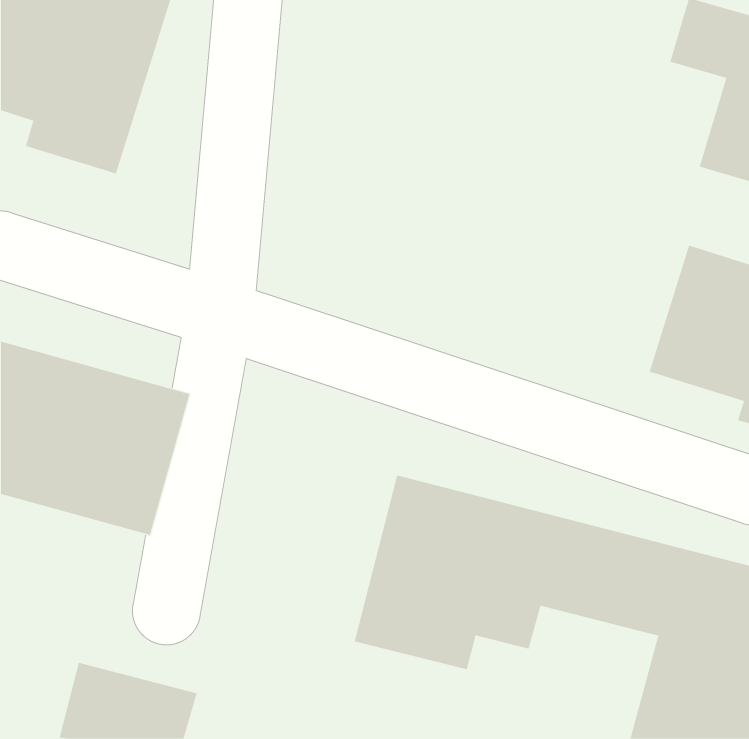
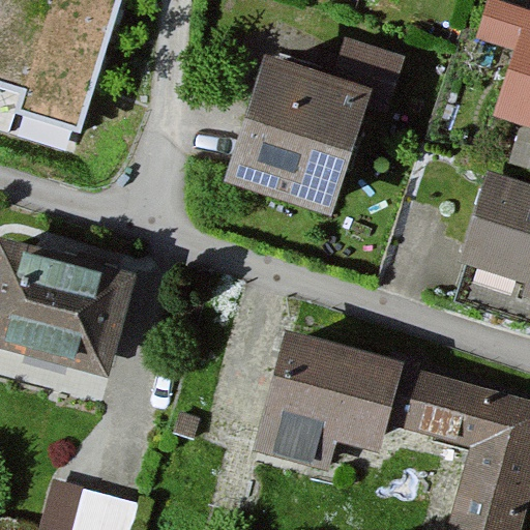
building: none -> [220,43,401,216]

